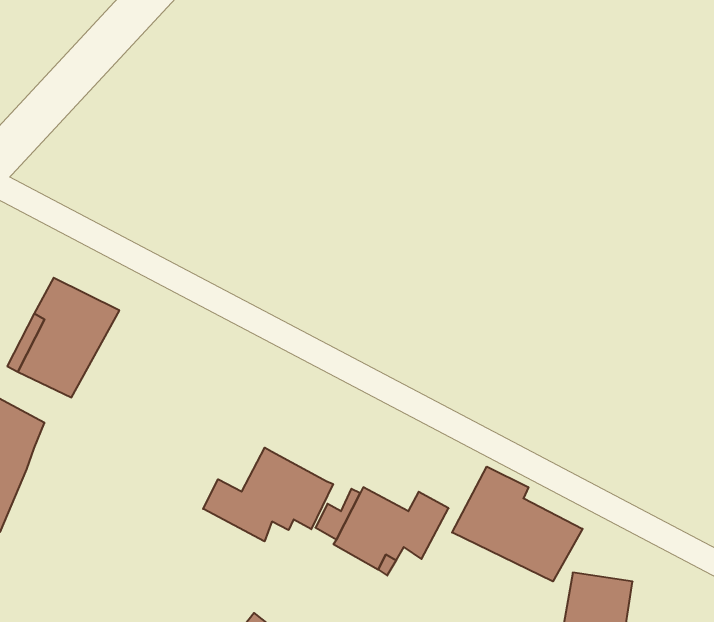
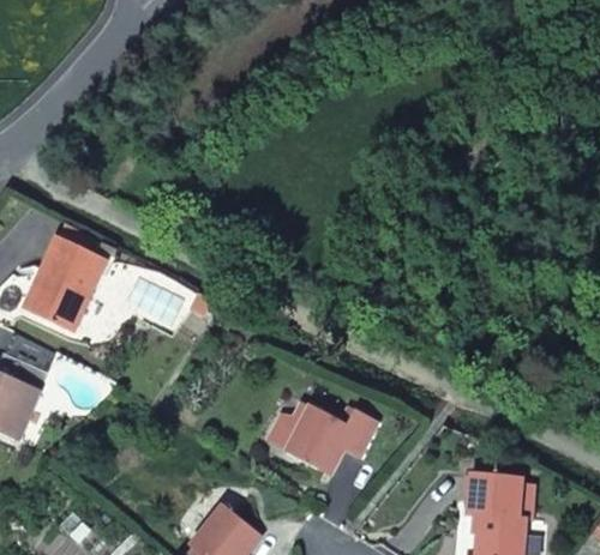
building: [203,448,333,541] -> none
building: [452,467,583,581] -> none

